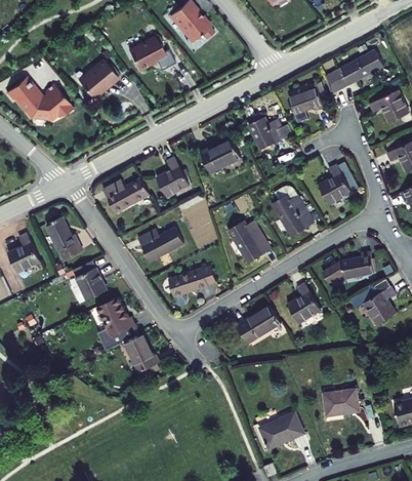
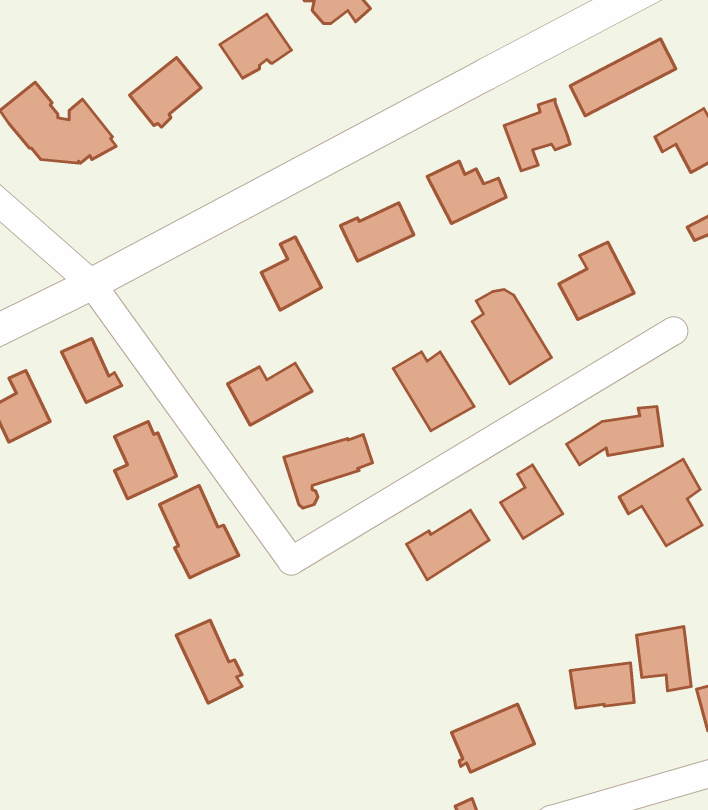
building: [102,177,149,211] -> none
building: [125,331,161,376] -> [176,620,242,703]
building: none -> [637,627,691,691]

